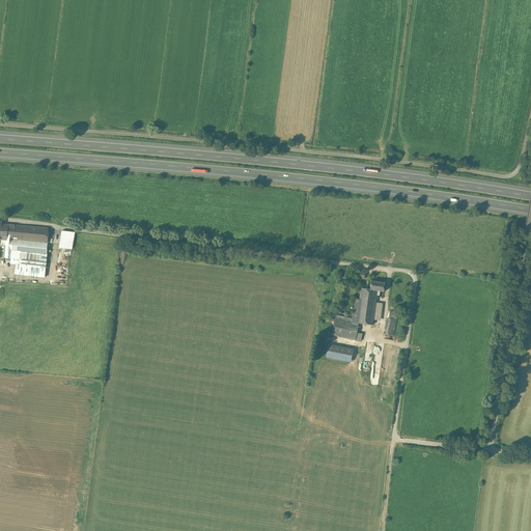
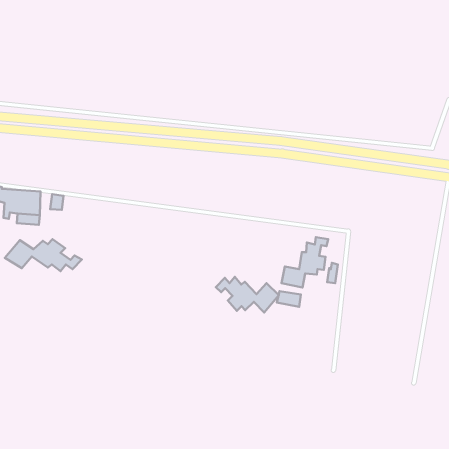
building: none -> [5,239,82,271]
building: none -> [216,277,279,312]

